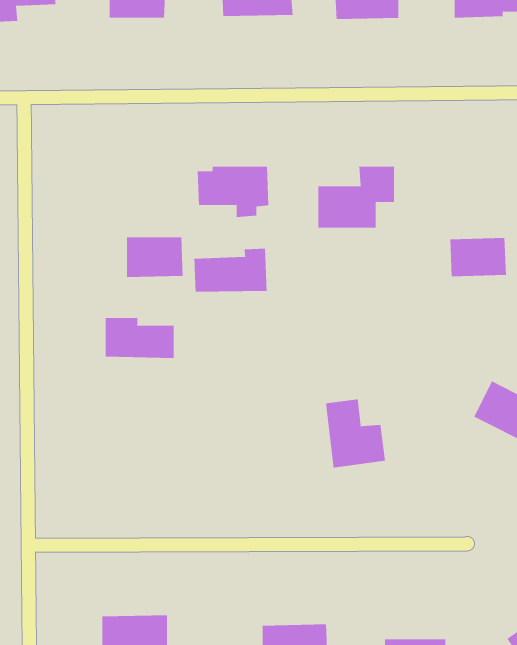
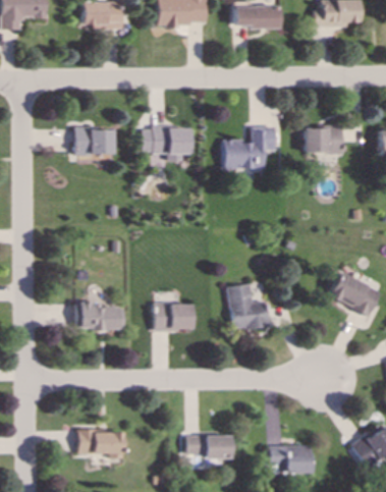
building: [126,237,184,278] -> [75,127,114,155]
building: [449,238,507,277] -> [304,126,342,153]
building: [194,248,267,293] -> none
building: [105,318,174,358] -> [76,302,123,329]
building: none -> [154,303,192,330]

